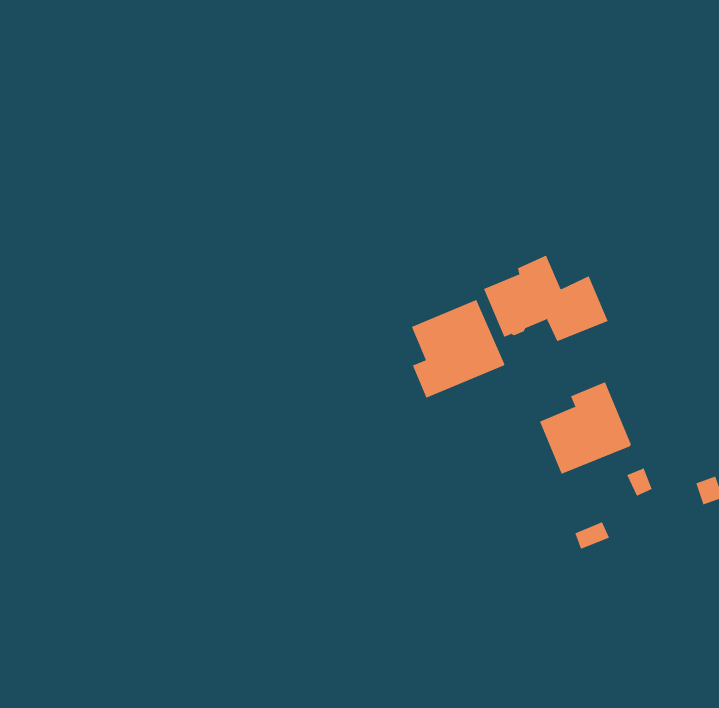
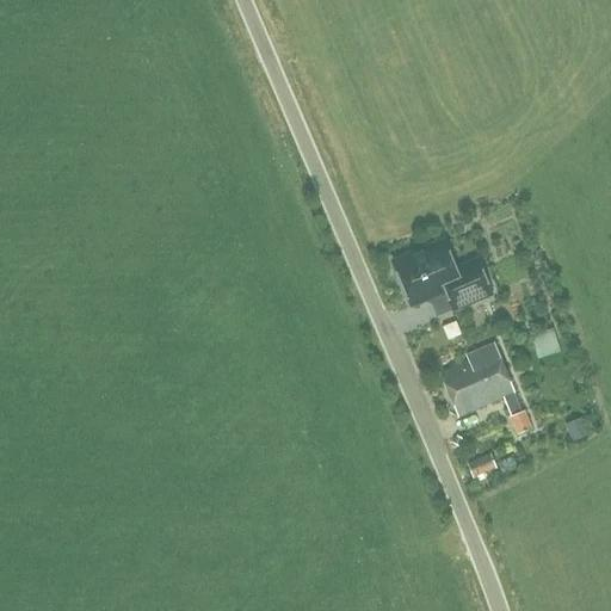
building: [411,299,505,398] -> none

